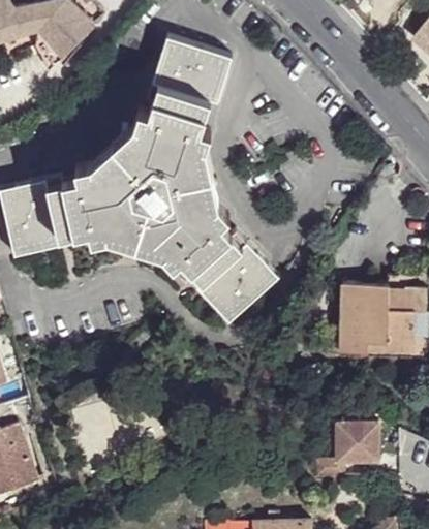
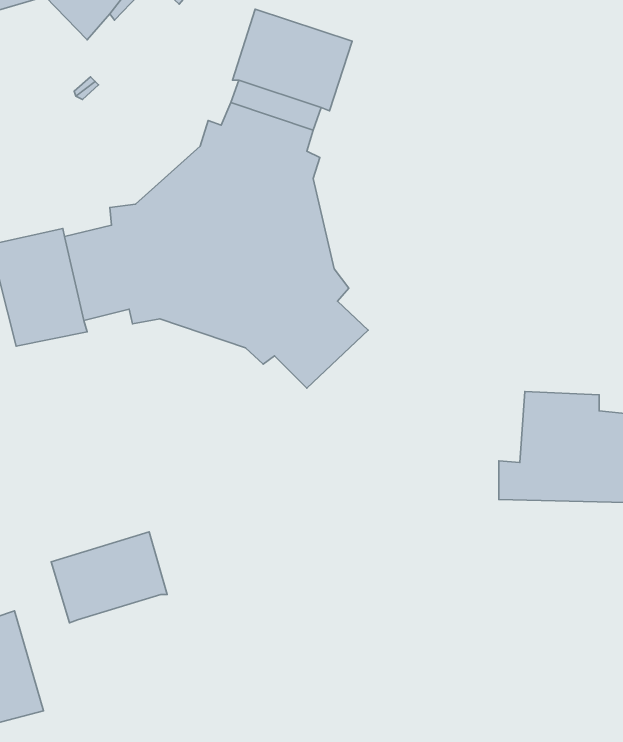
building: [196,241,277,321] -> none
building: none -> [51,532,167,623]
building: [314,419,376,476] -> none

